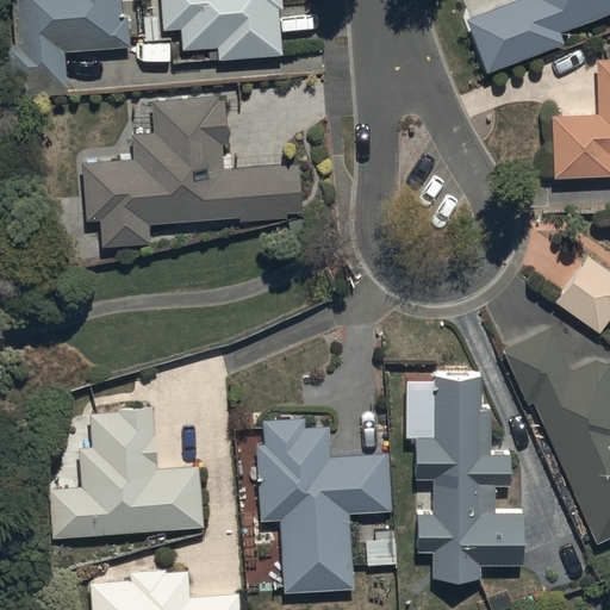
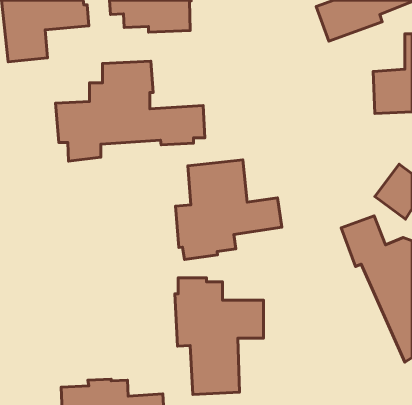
building: none -> [176,160,282,260]
building: [416,374,525,575] -> none
building: [50,407,201,537] -> none

